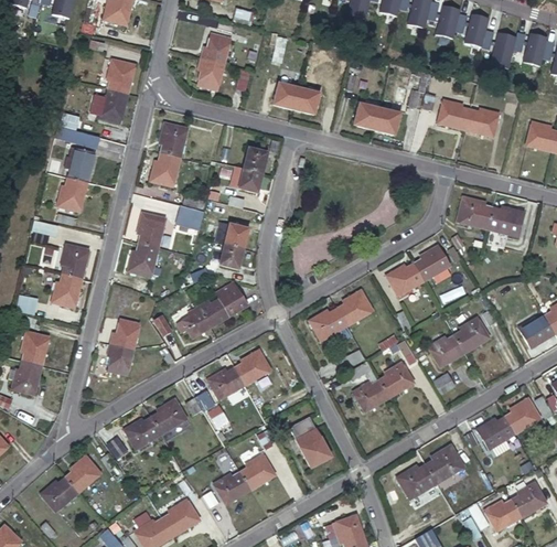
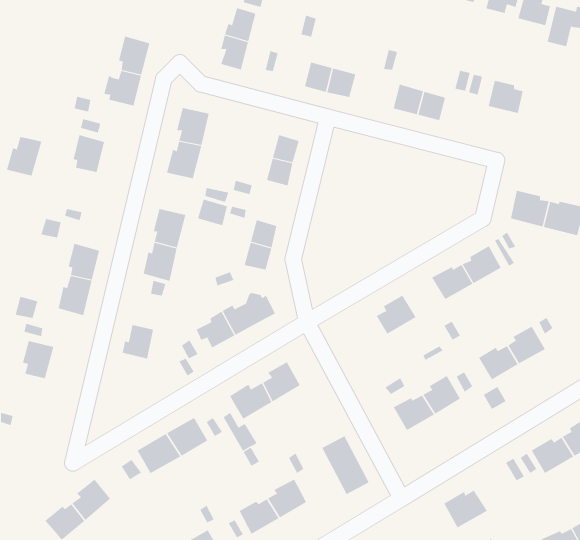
building: [464,107,499,136] -> none
building: [55,176,87,212] -> [6,137,42,176]
building: [308,309,346,341] -> none
building: [106,342,132,375] -> none
building: [11,361,41,394] -> none
building: [425,444,463,483] -> none

